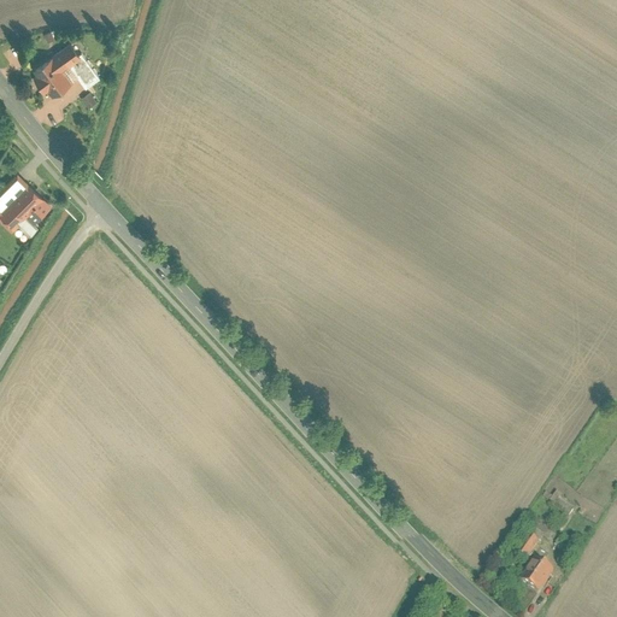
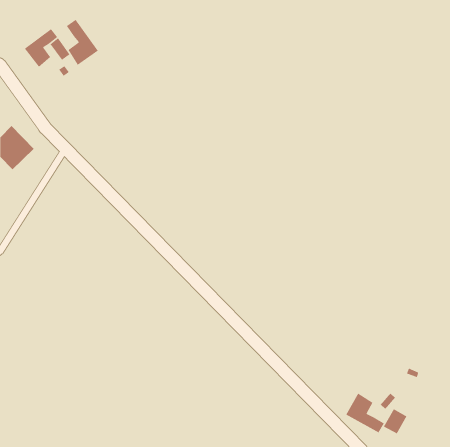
building: none -> [66,19,99,66]
building: none -> [345,393,385,433]

